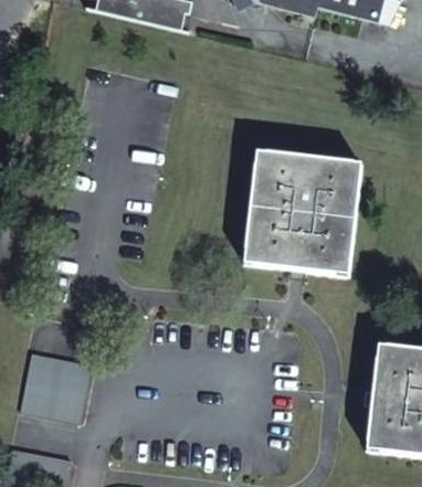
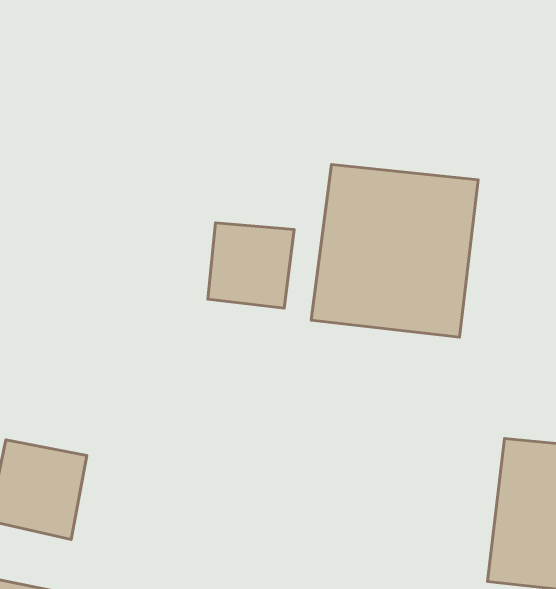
building: none -> [208,223,294,308]

